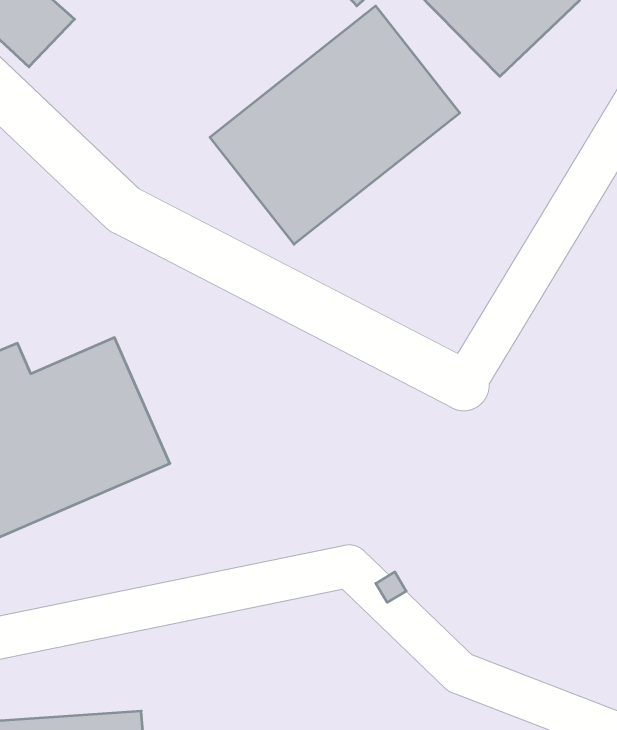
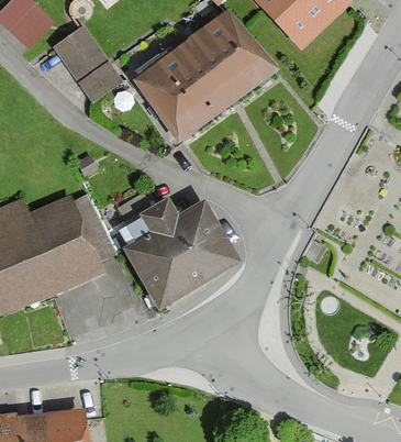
building: none -> [52,29,121,104]
building: none -> [121,192,235,305]

